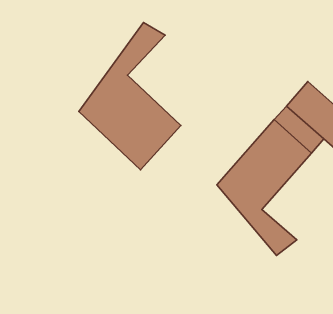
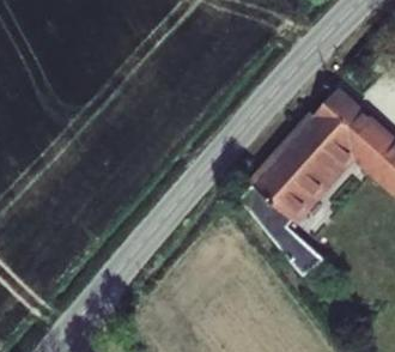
building: [79,22,181,170] -> none

